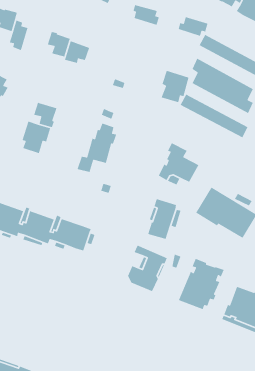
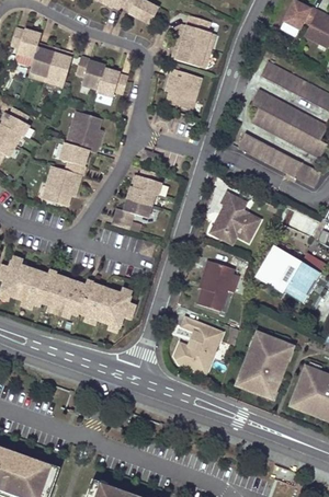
building: [178,16,209,37] -> [171,41,208,66]
building: none -> [44,50,71,83]
building: [161,70,190,103] -> [164,67,200,107]
building: none -> [66,111,101,151]

